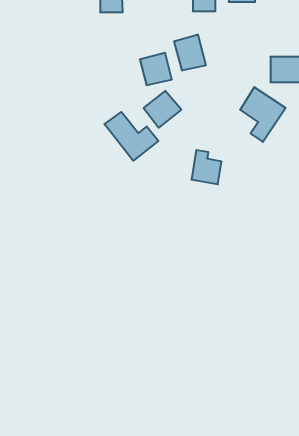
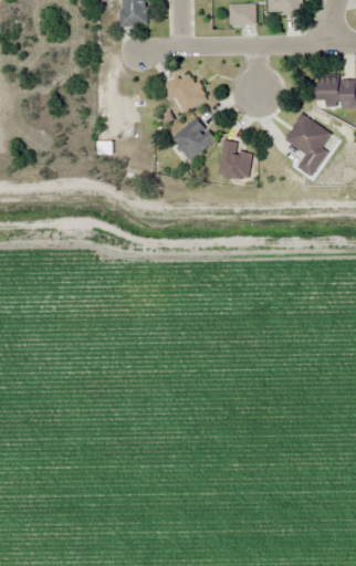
building: [174,34,206,71] -> none
building: [104,112,158,161] -> none
building: [191,150,222,184] -> [218,140,253,180]

